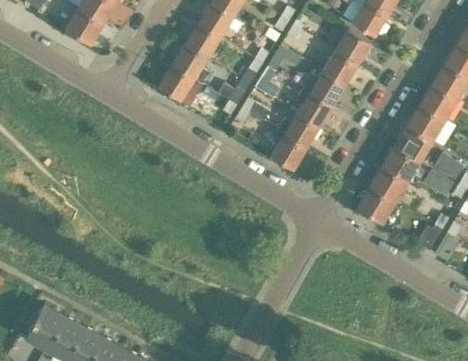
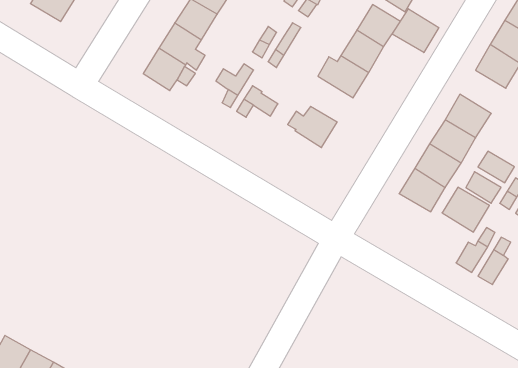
building: none -> [392,9,439,53]
building: [419,85,457,121] -> none
building: [296,90,331,128] -> none
building: [270,135,305,171] -> none
building: [356,187,395,224] -> [442,187,489,232]

